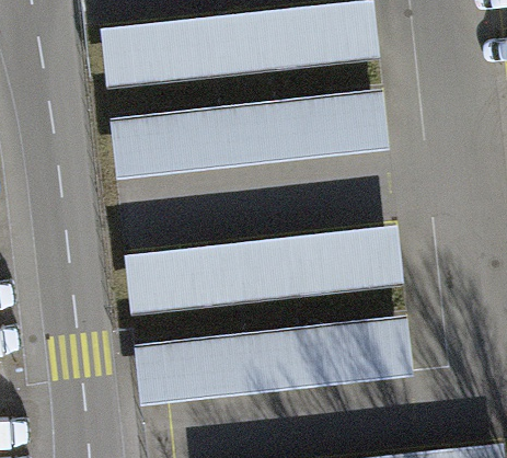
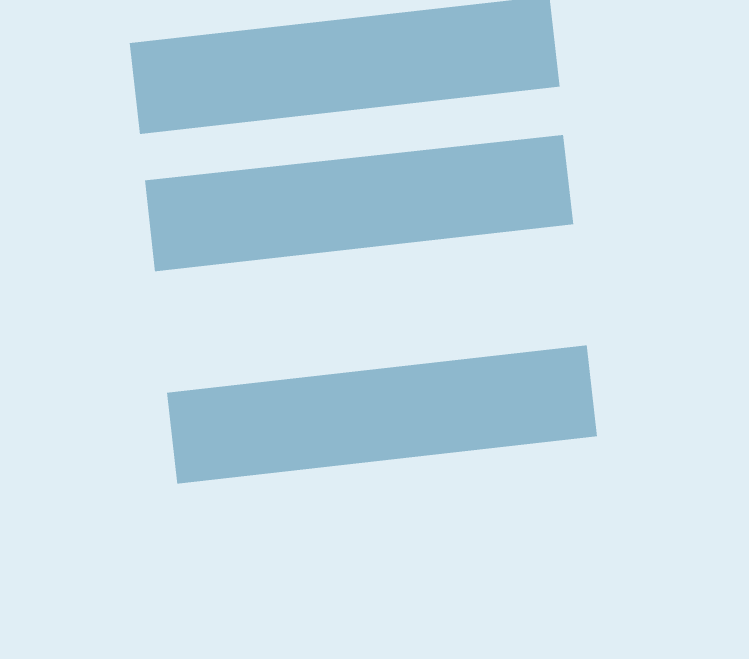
building: [135,317,413,405] -> none

